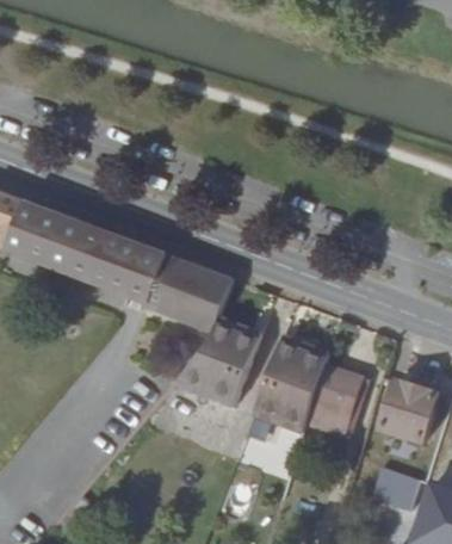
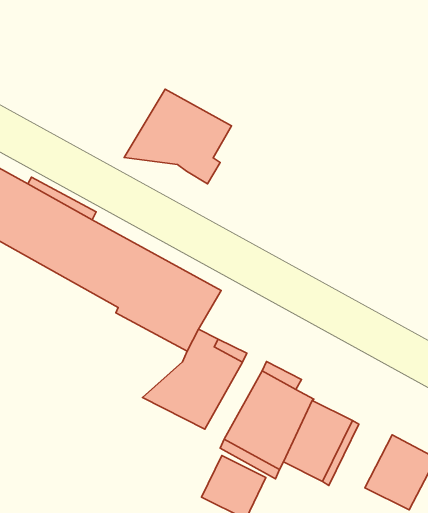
building: none -> [124,89,231,184]

